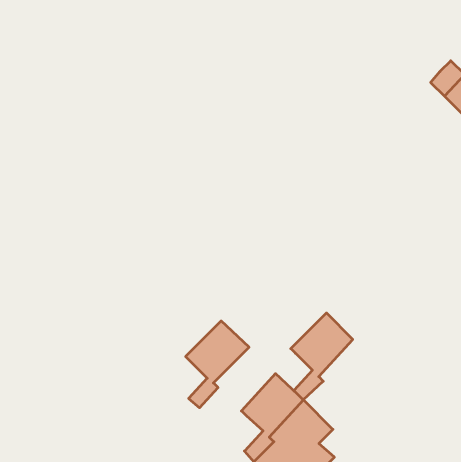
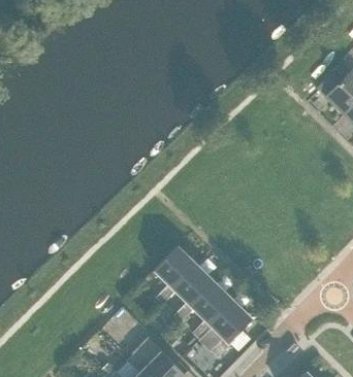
building: [291,313,353,400] -> [172,264,214,321]

